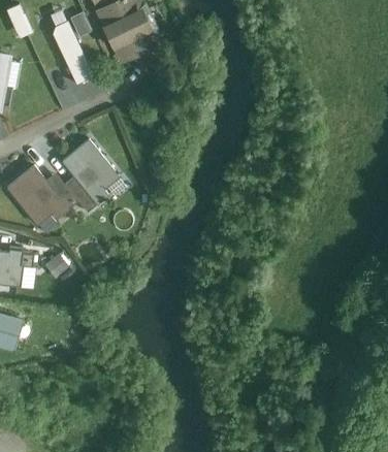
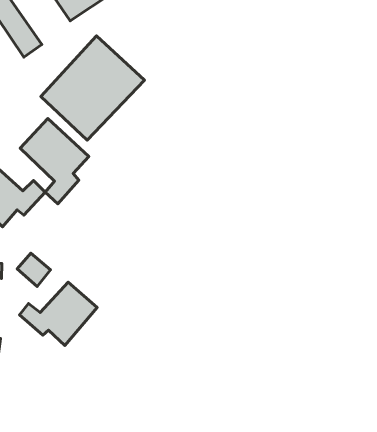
building: none -> [41,36,144,140]
building: none -> [19,282,97,346]

